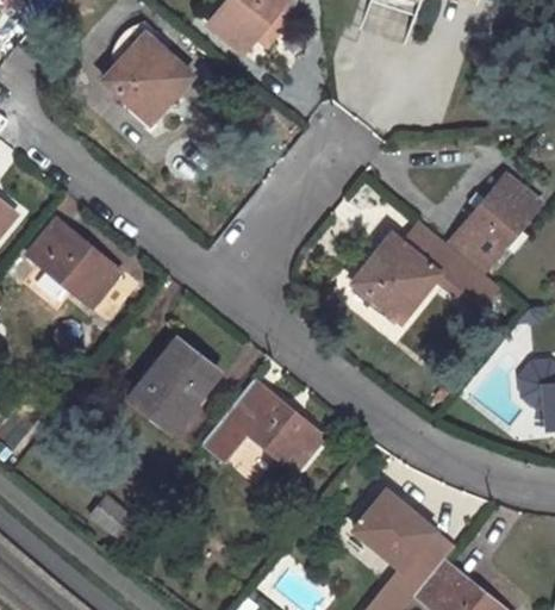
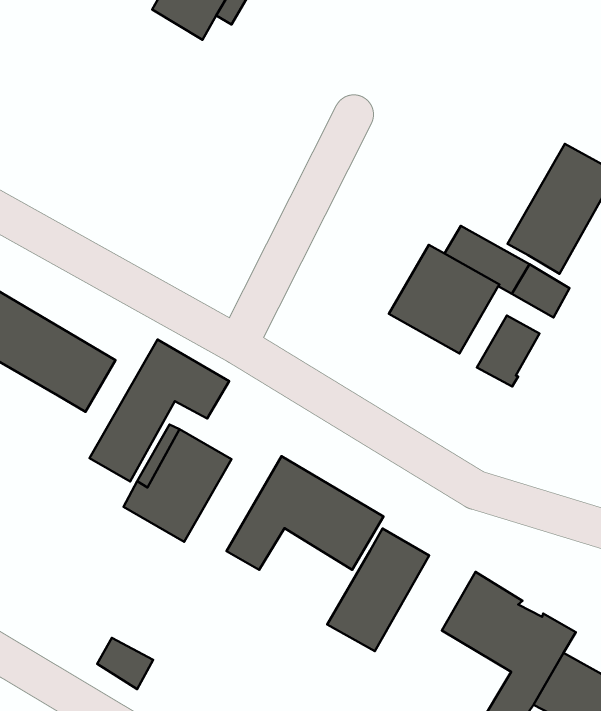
building: [104,21,189,123] -> none
building: none -> [89,339,229,481]
building: none -> [477,315,539,387]
building: none -> [327,529,429,651]

